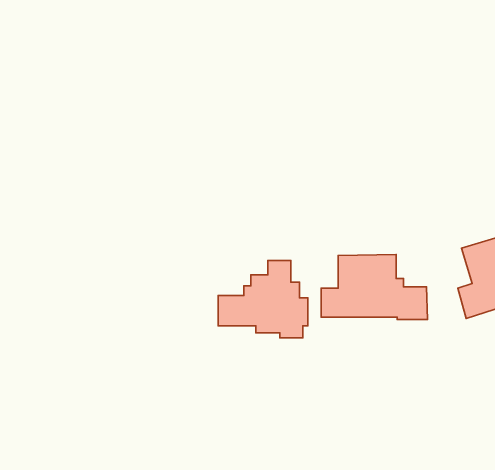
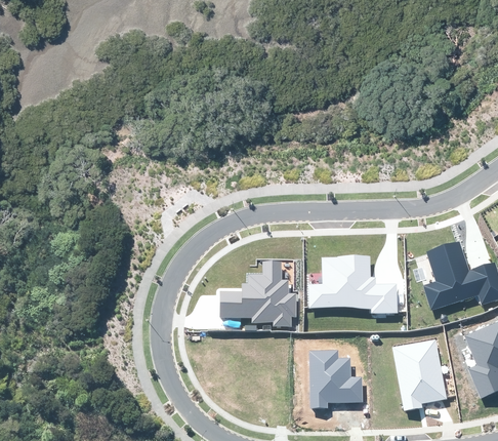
building: none -> [391,338,447,410]
building: none -> [307,349,362,407]

